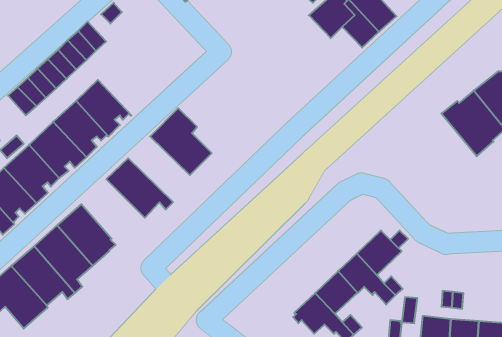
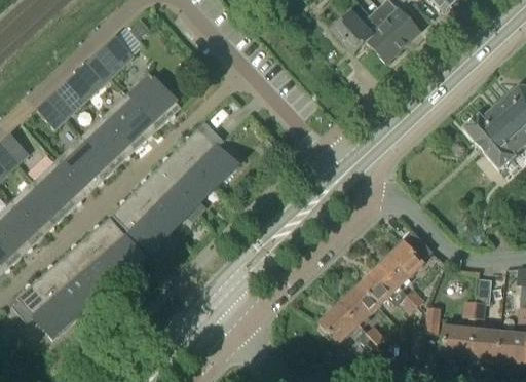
building: none -> [126,72,182,128]
building: none -> [156,149,217,214]
building: none -> [112,191,173,250]

